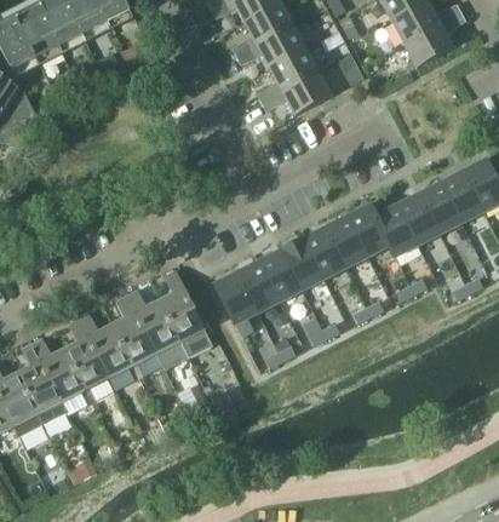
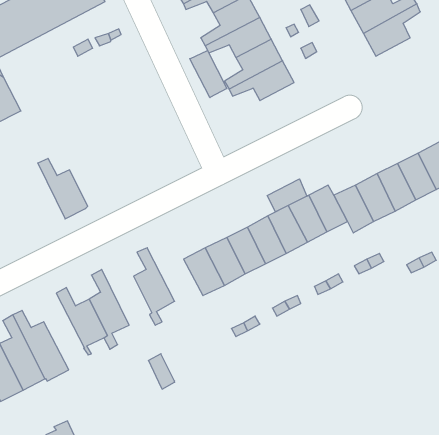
building: none -> [190,50,227,98]
building: none -> [267,179,307,212]
building: [127,289,180,354] -> [38,158,88,219]
building: [65,320,109,401] -> none

